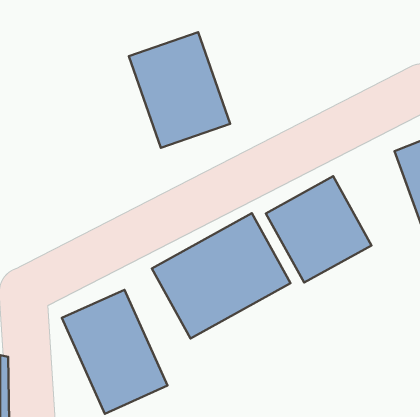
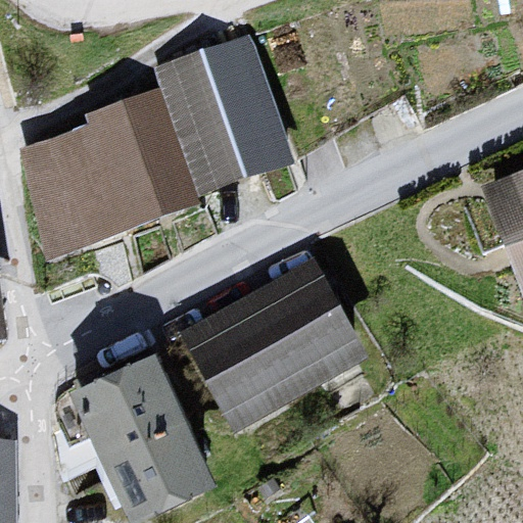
building: none -> [28,100,195,260]
building: [266,176,371,283] -> none

